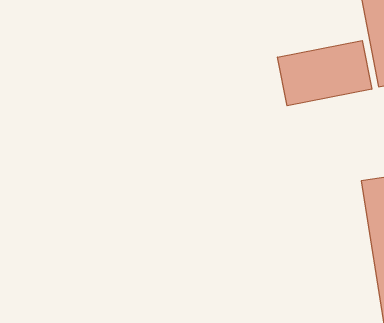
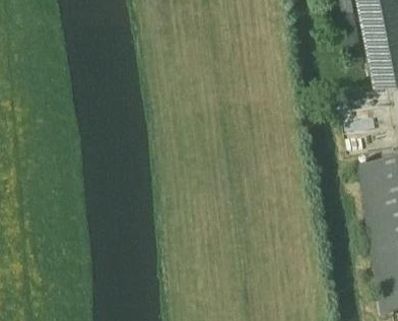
building: [278,41,372,106] -> none

